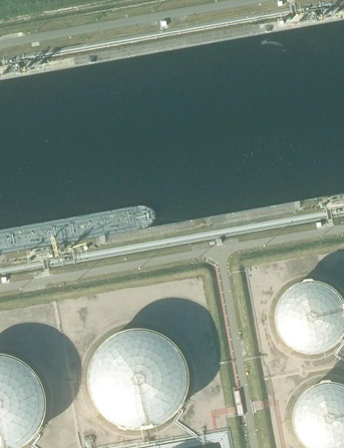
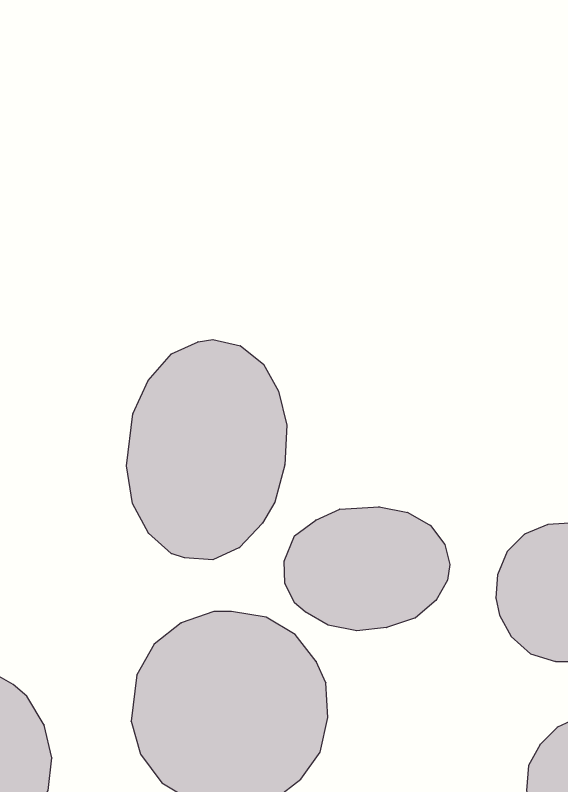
building: none -> [126,340,287,560]
building: none -> [284,507,450,631]

